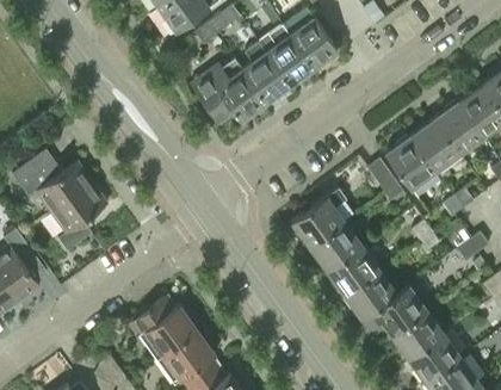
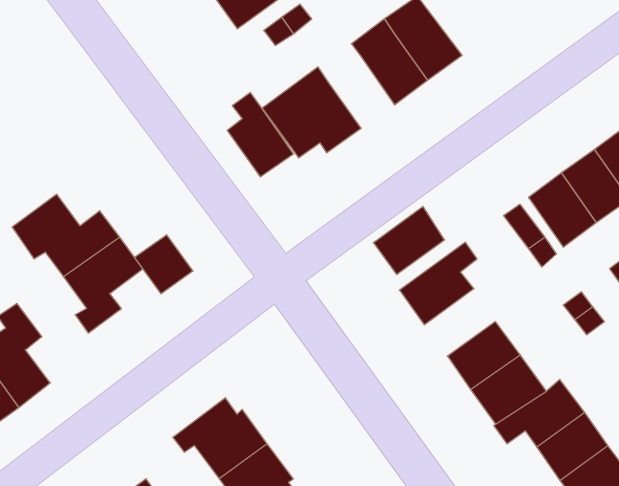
building: [241,43,289,104] -> [227,92,293,177]
building: none -> [135,235,193,294]
building: [310,219,361,268] -> [373,207,445,274]

